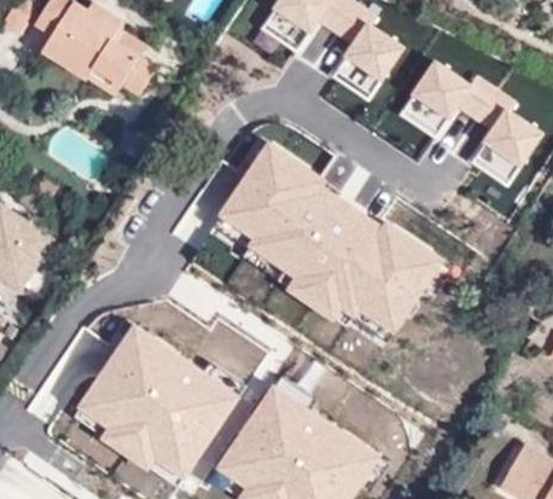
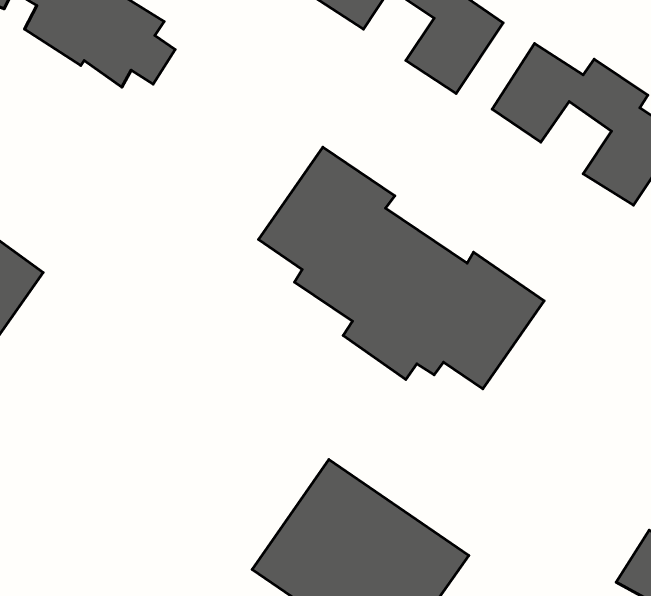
building: [78,329,238,478] -> none

